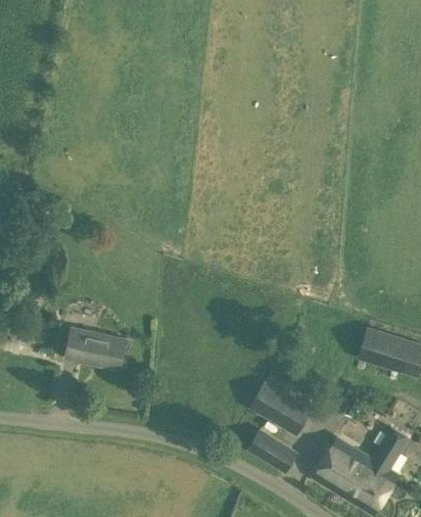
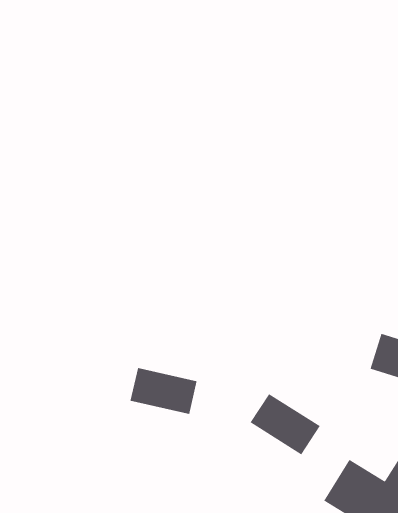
building: [65,326,127,369] -> [130,367,198,415]
building: [247,427,298,472] -> none

